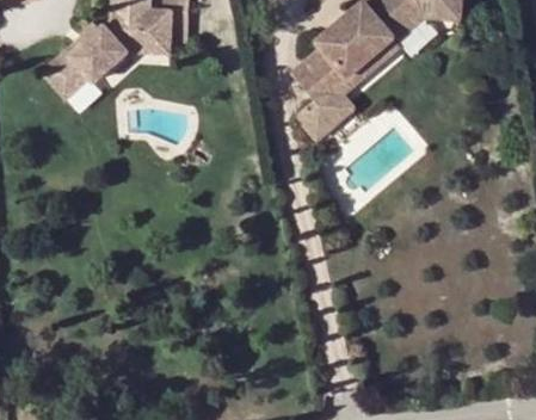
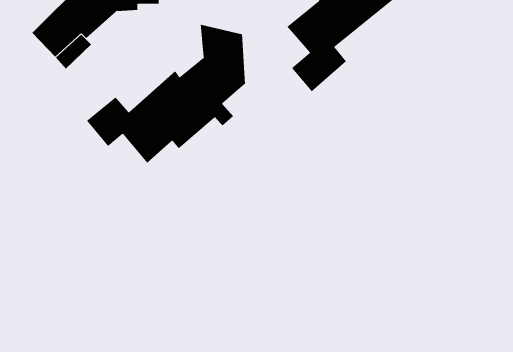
building: none -> [86,24,245,164]

